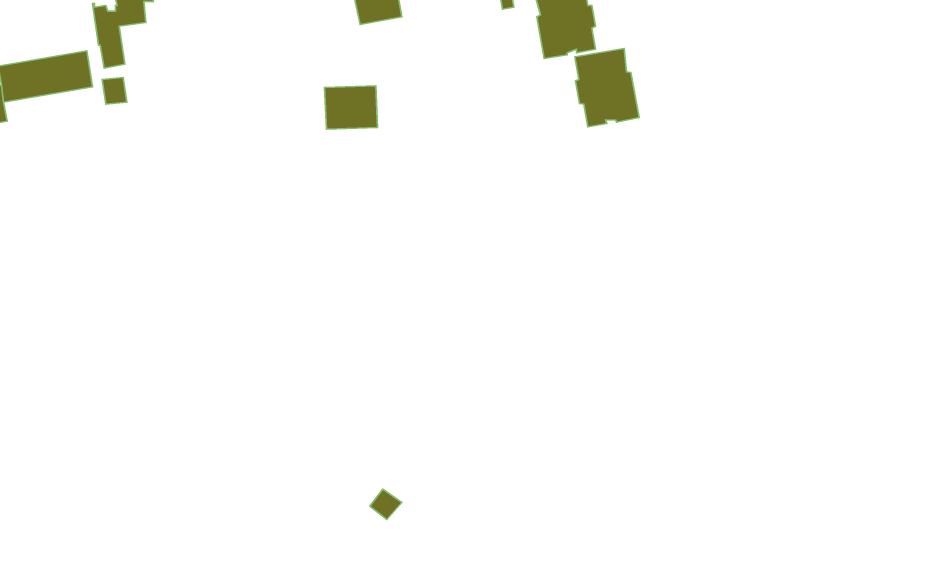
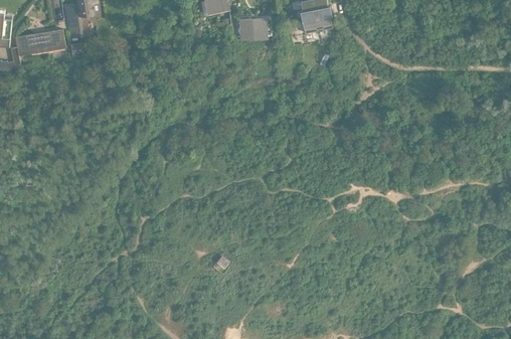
building: [575,49,639,127] -> none
building: [324,86,378,129] -> [238,17,267,40]

